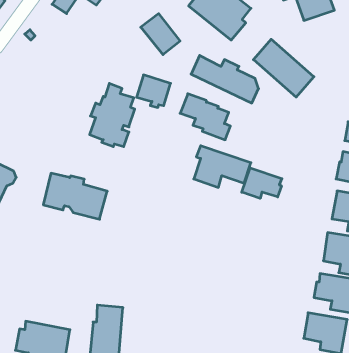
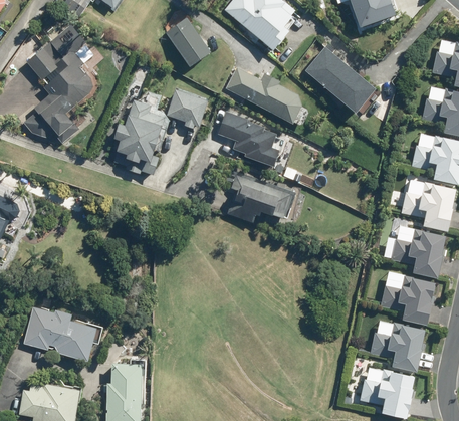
building: none -> [26,24,96,143]
building: [242,168,282,198] -> none
building: [43,173,107,219] -> [27,306,102,361]

